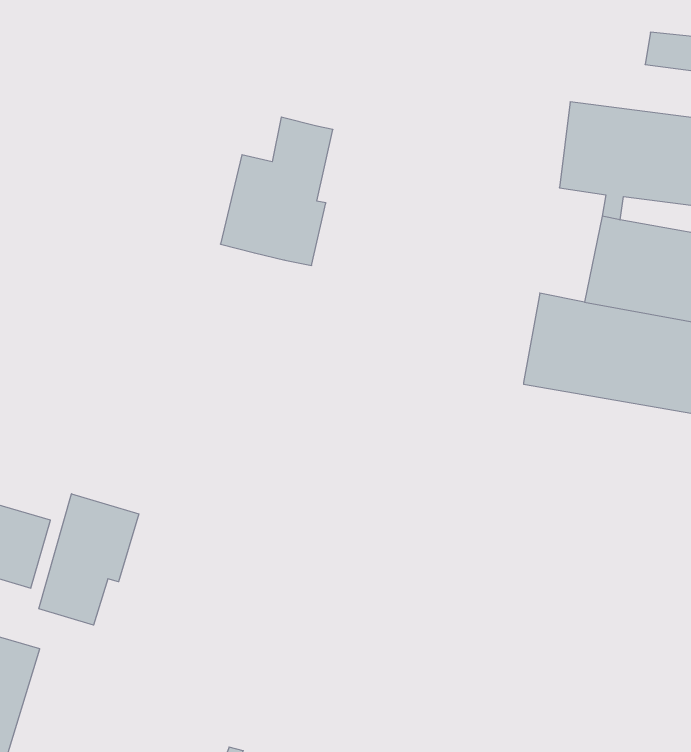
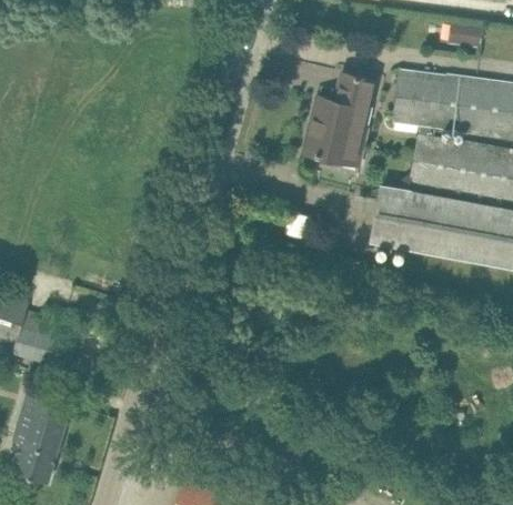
building: [220,117,333,265] -> [303,74,373,166]
building: [39,494,139,625] -> none

